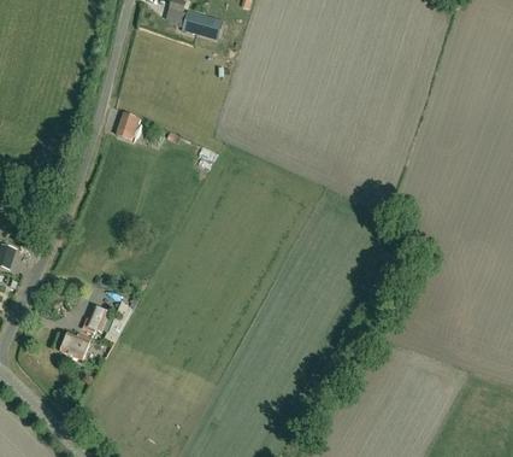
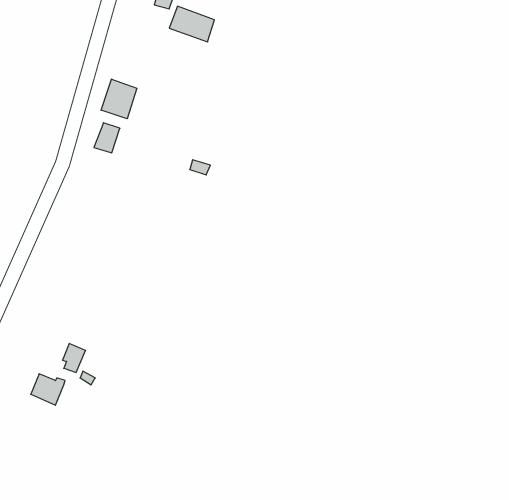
building: none -> [101,79,137,119]

